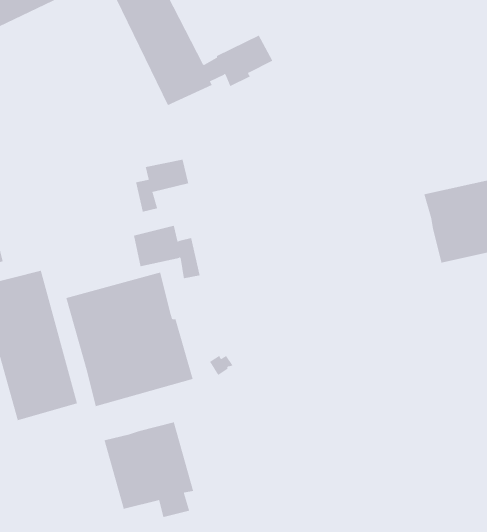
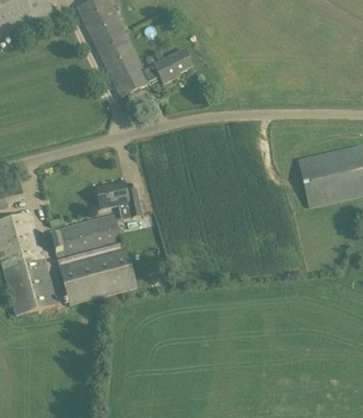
building: [136,159,189,213] -> none
building: [104,421,194,518] -> none

